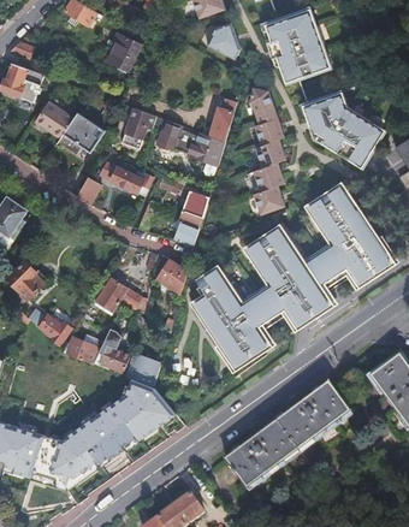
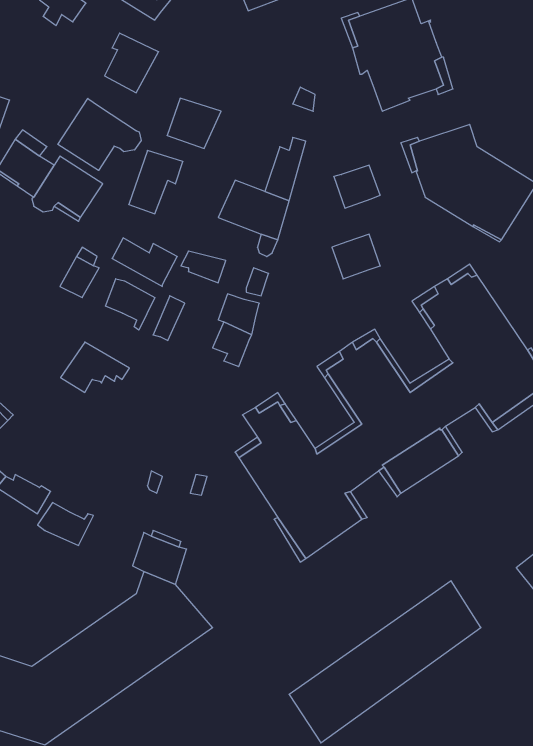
building: [206,20,238,58] -> none
building: none -> [58,98,141,170]
building: [248,85,275,123] -> none
building: [154,118,189,150] -> [167,98,221,148]
building: [254,138,284,166] -> none
building: [251,184,284,213] -> none
building: none -> [106,279,155,330]
building: [153,257,184,292] -> none
building: [95,277,140,309] -> [61,342,129,392]
building: [91,328,128,373] -> none

